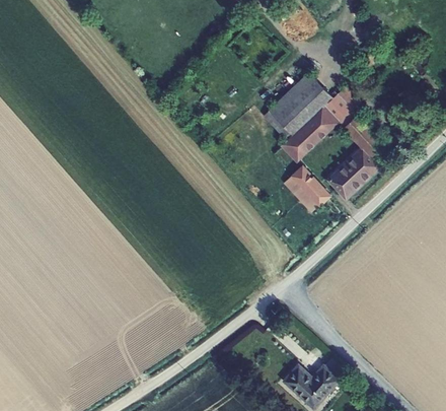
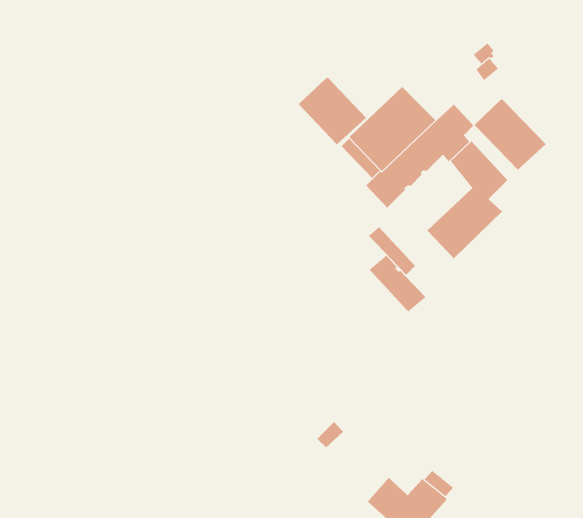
building: none -> [298,76,367,145]
building: none -> [474,98,546,170]
building: [289,164,331,207] -> [369,255,426,312]

